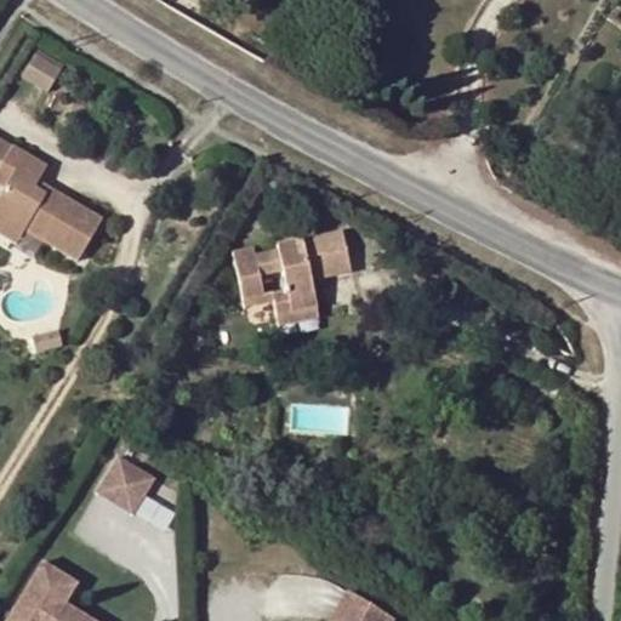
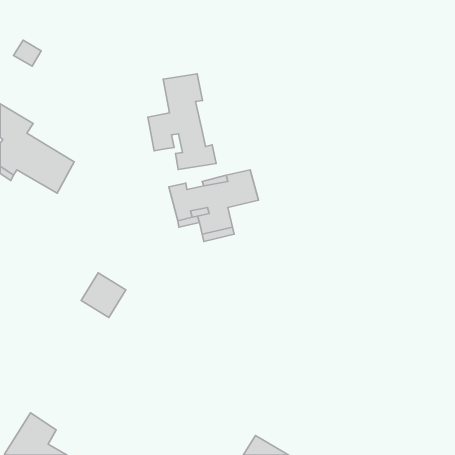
building: none -> [148,74,216,169]
building: [97,454,158,514] -> [81,273,126,318]

